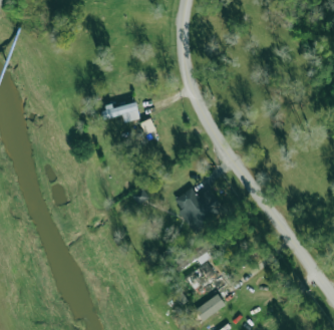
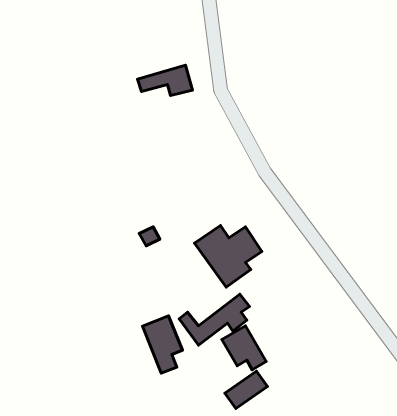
building: [100,100,140,122] -> [137,65,192,96]
building: none -> [142,316,182,373]

